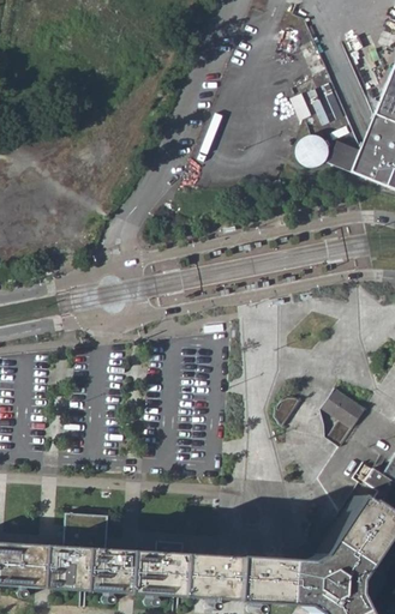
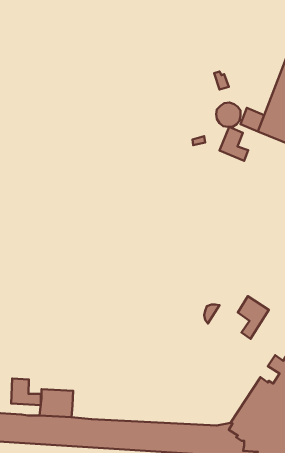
building: none -> [220,127,248,161]
building: none -> [11,378,41,405]

